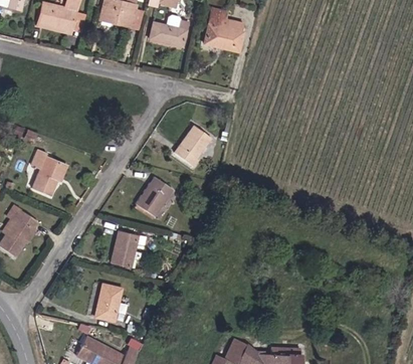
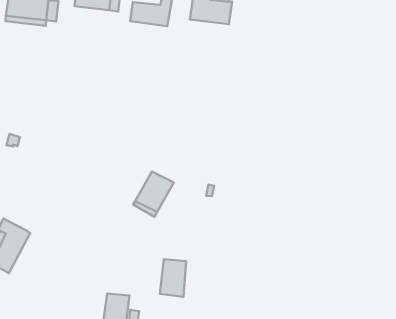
building: [175,126,212,167] -> none
building: [32,150,68,196] -> none
building: [112,231,139,267] -> [160,259,186,297]

